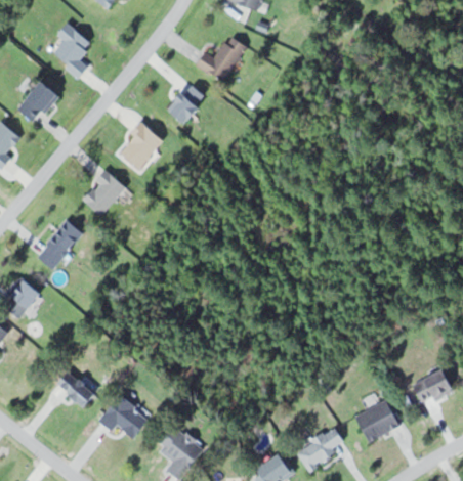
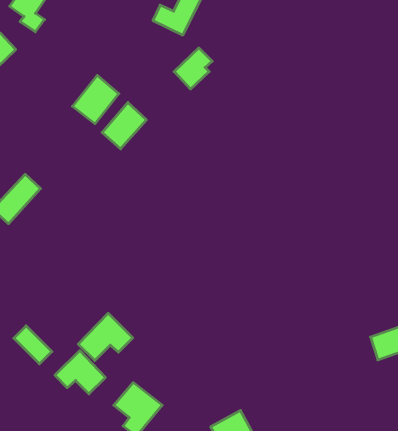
building: [167,84,205,125] -> [174,48,212,89]
building: [81,170,125,216] -> [102,102,146,149]
building: none -> [78,313,133,361]
building: [355,400,399,440] -> none
building: [295,428,343,471] -> none

